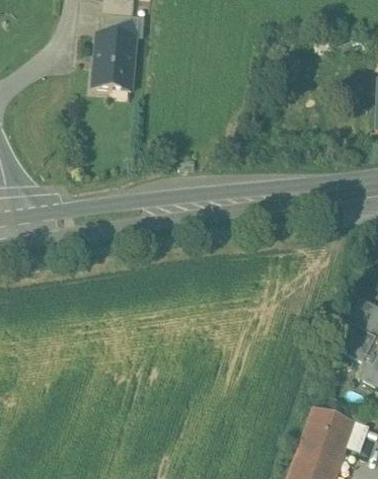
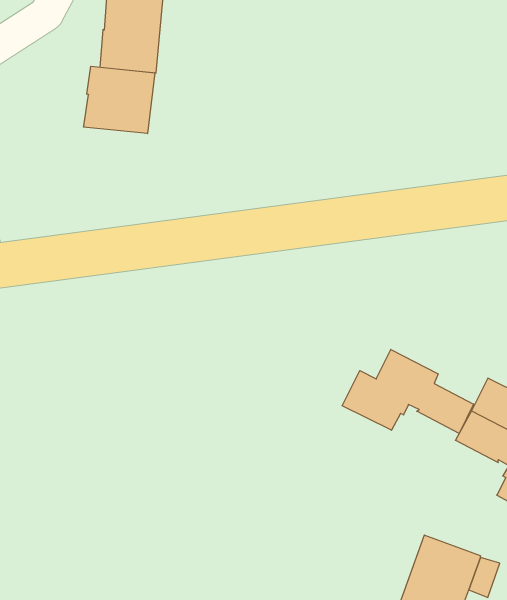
building: none -> [84,66,155,134]
building: none -> [342,349,474,434]

